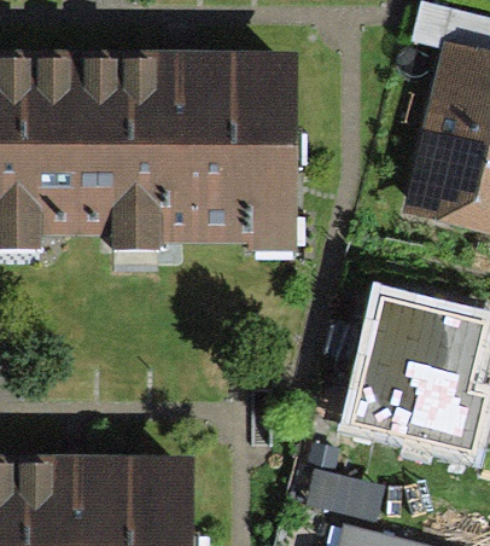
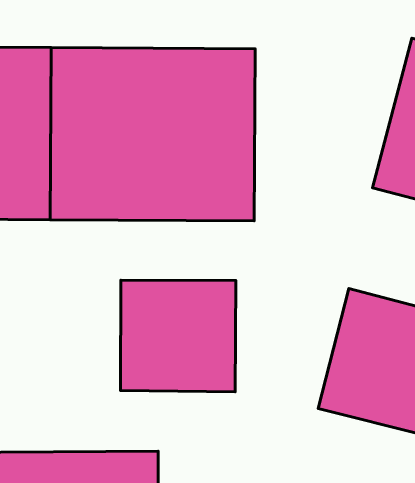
building: none -> [120,280,236,392]

